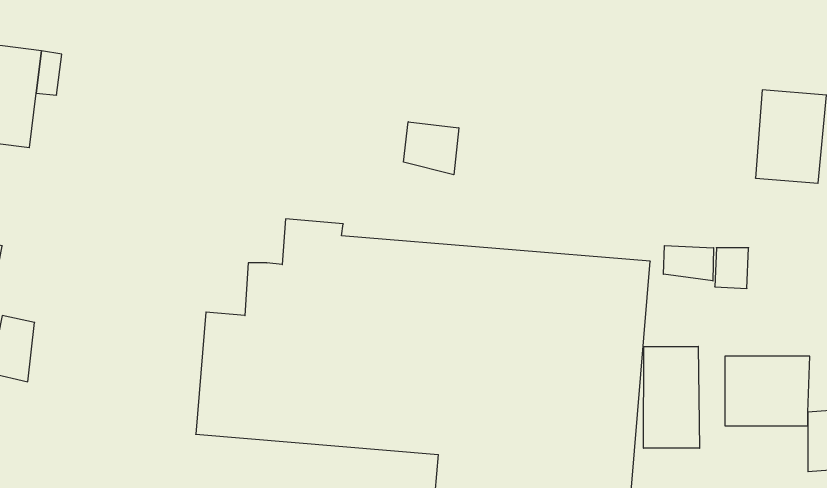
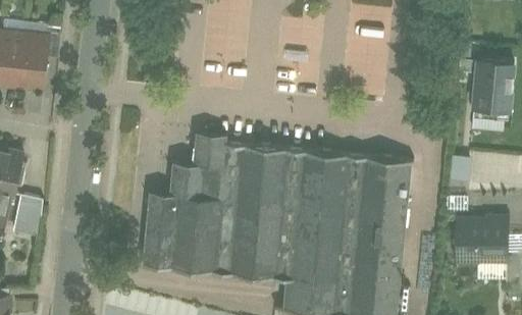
building: [404,122,459,175] -> none
building: [663,246,714,281] -> none
building: [644,346,700,448] -> none

